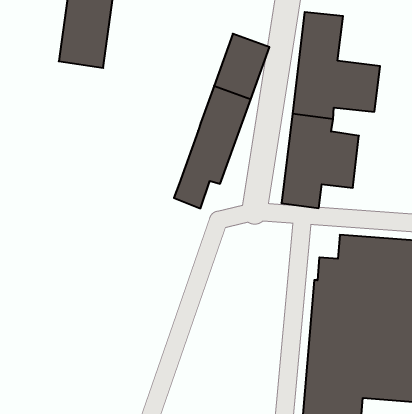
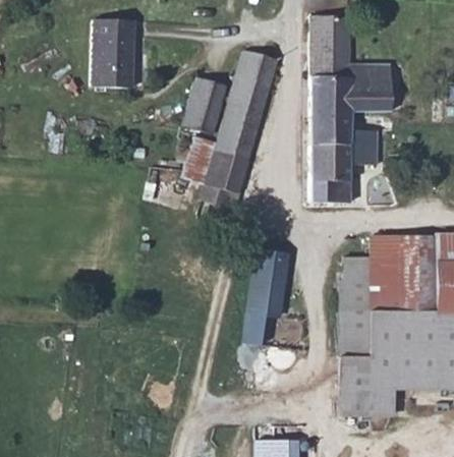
building: none -> [180,82,228,134]
building: none -> [178,137,218,196]
building: none -> [242,247,294,345]

